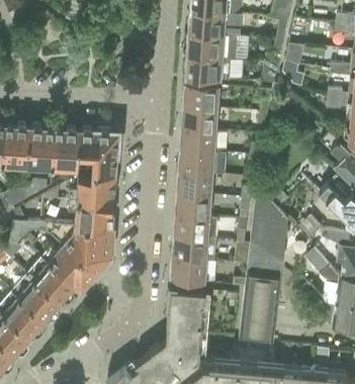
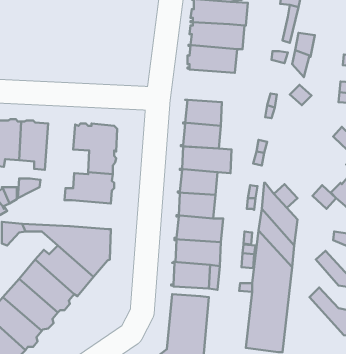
building: [182,85,218,109] -> none
building: [51,128,79,173] -> none
building: [69,201,113,228] -> none

